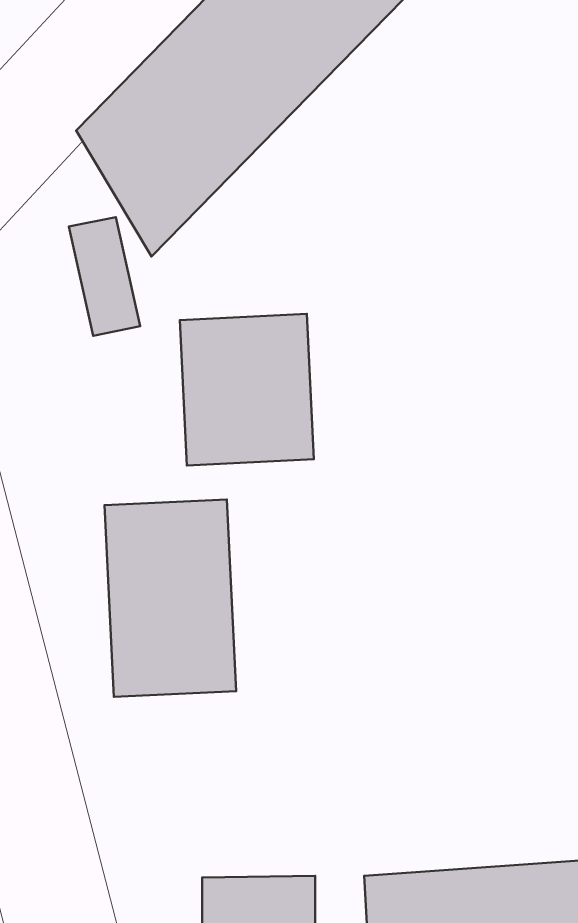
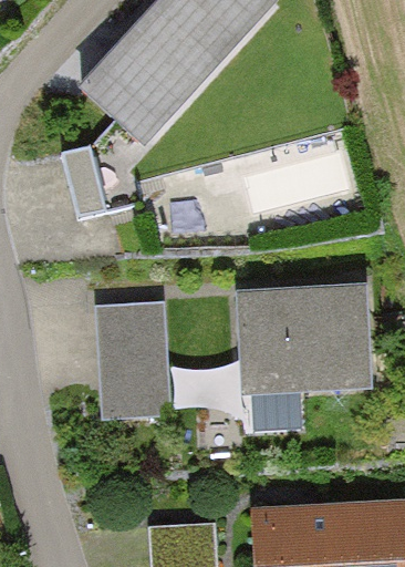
building: [180,314,314,466] -> none
building: none -> [231,288,359,402]

